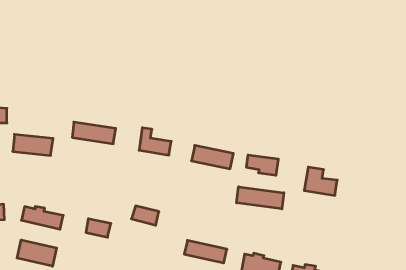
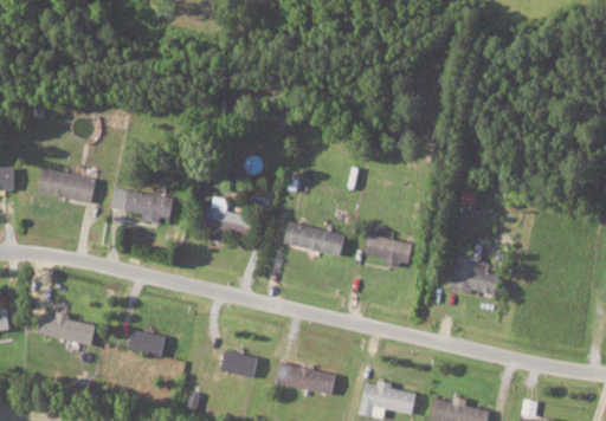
building: [13,134,53,155] -> [36,170,95,201]
building: [237,187,284,209] -> none
building: [131,206,159,225] -> [217,350,257,378]
building: [17,240,57,266] -> none

